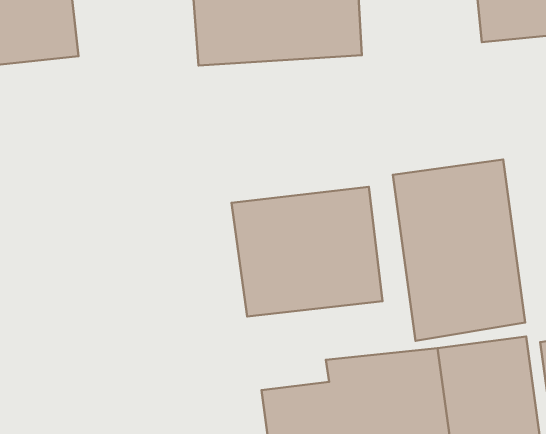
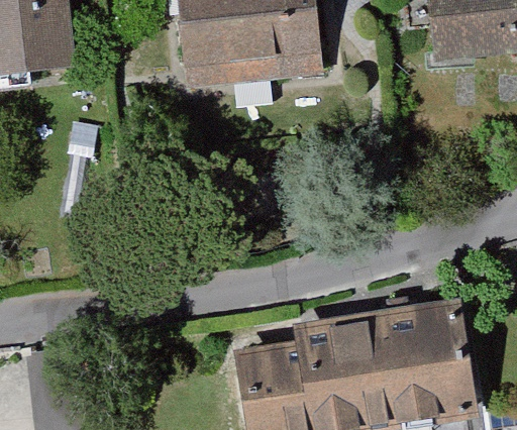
building: [393,160,525,341] -> none
building: [231,187,383,316] -> none

